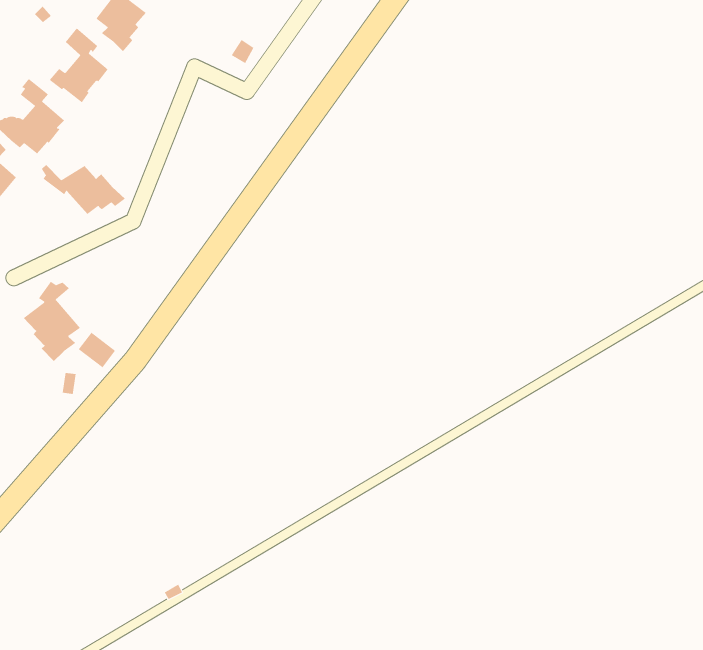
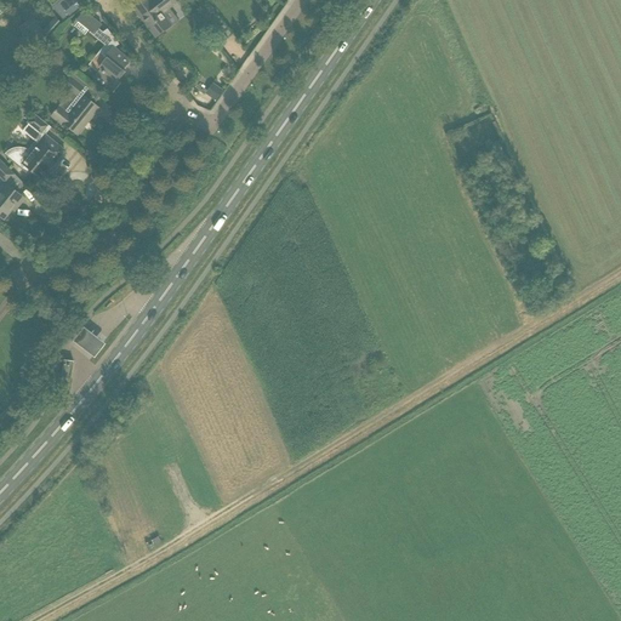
building: [41,164,126,215] -> none
building: [23,281,81,362] -> none

